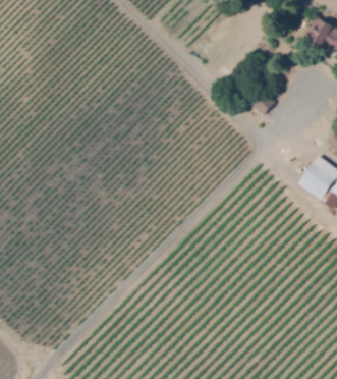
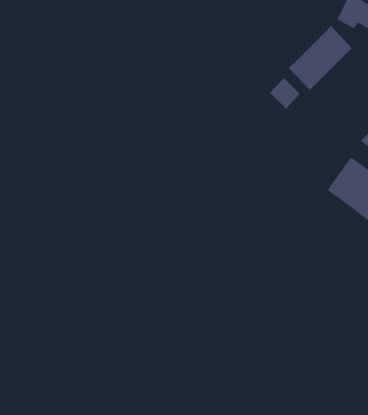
building: none -> [288,25,353,91]

